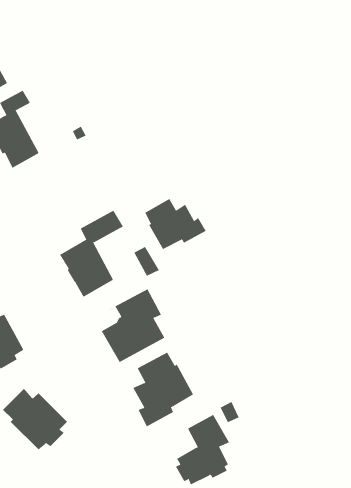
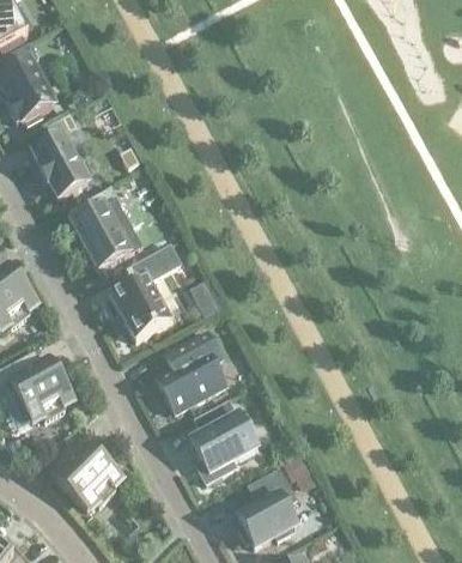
building: none -> [71,196,129,270]
building: [144,198,207,250] -> none

